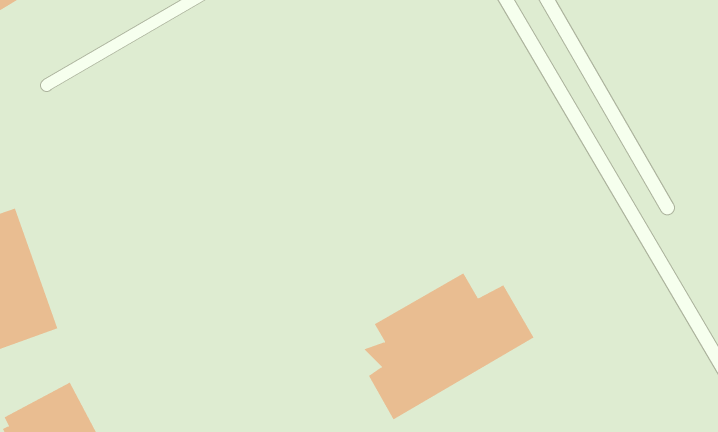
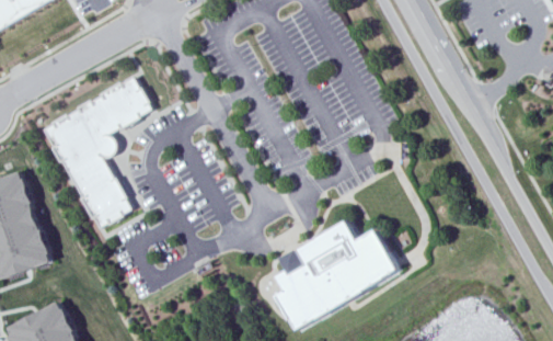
building: none -> [43,77,151,228]

